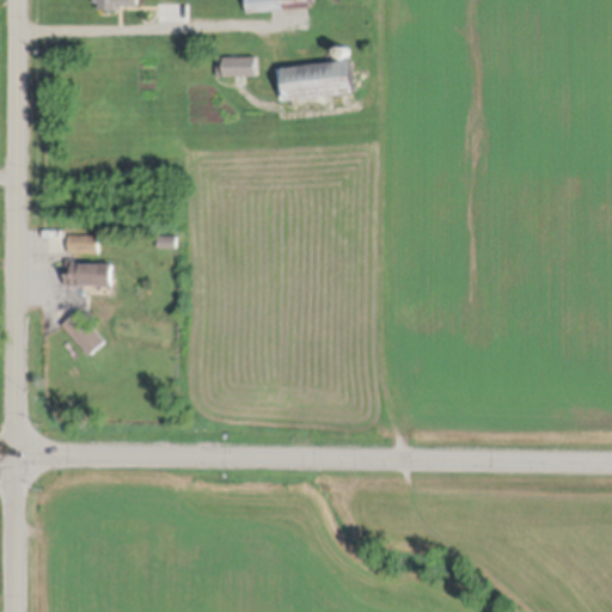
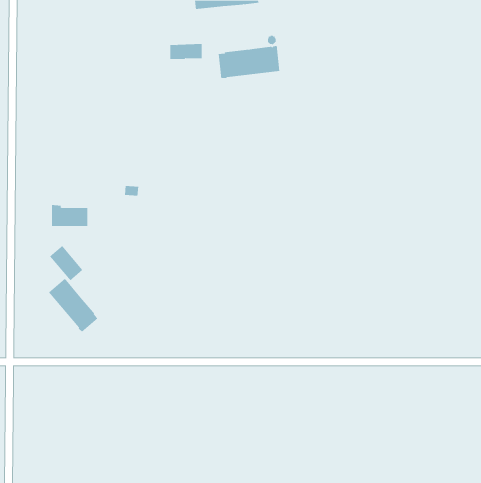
building: [68,235,98,253] -> none
building: none -> [48,278,98,332]

